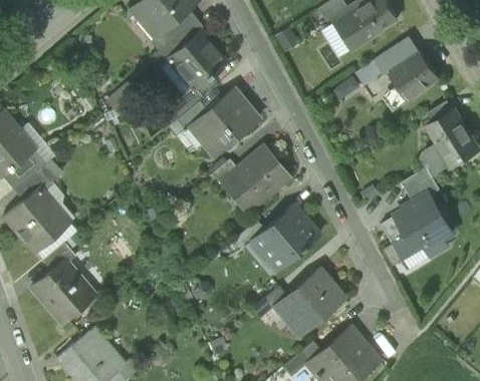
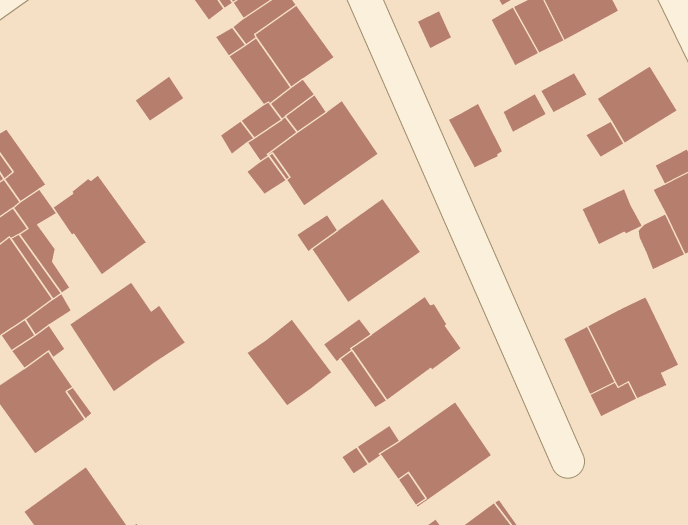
building: [375,35,421,74] -> none
building: none -> [448,103,503,168]
building: none -> [53,175,147,275]
building: [403,166,441,203] -> [582,188,643,245]
building: none -> [69,282,186,392]
building: none -> [247,319,332,406]

